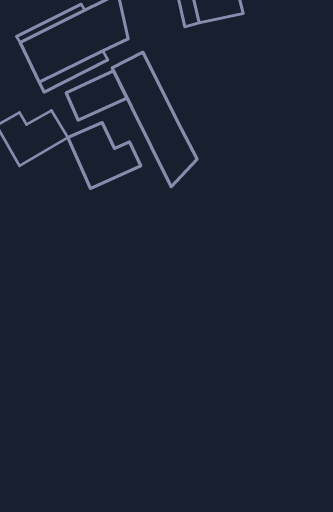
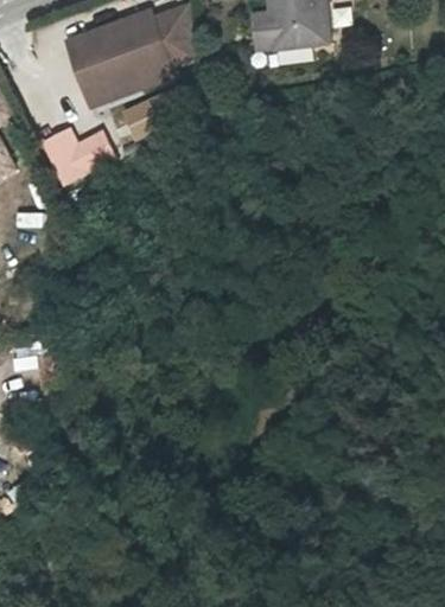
building: [112,52,197,187] -> none
building: [68,123,141,188] -> none

